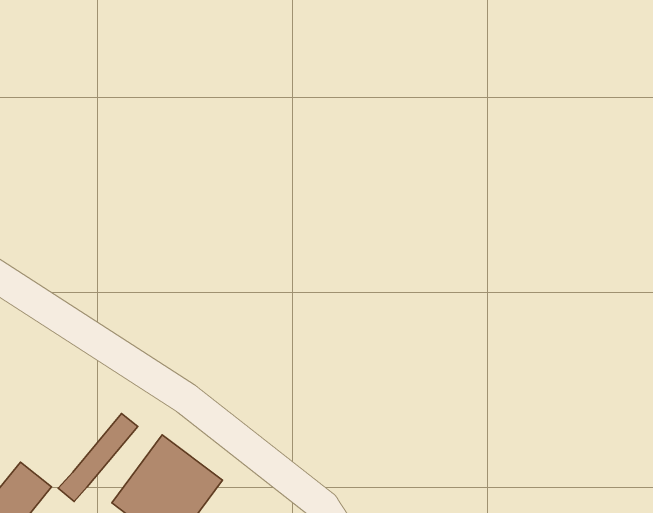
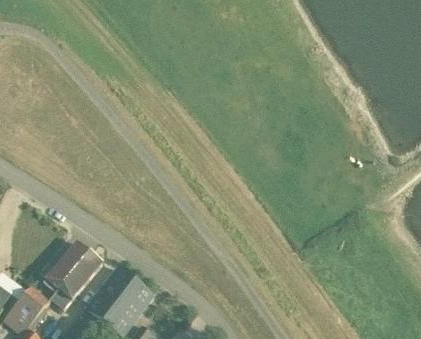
building: none -> [43,243,91,301]

